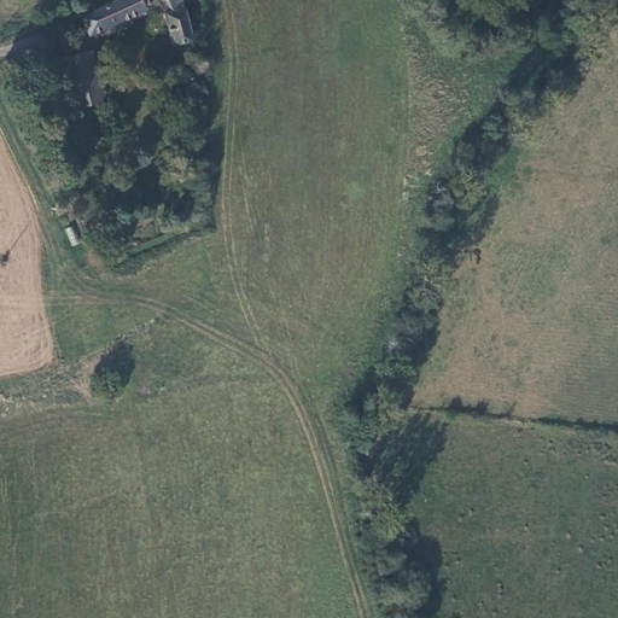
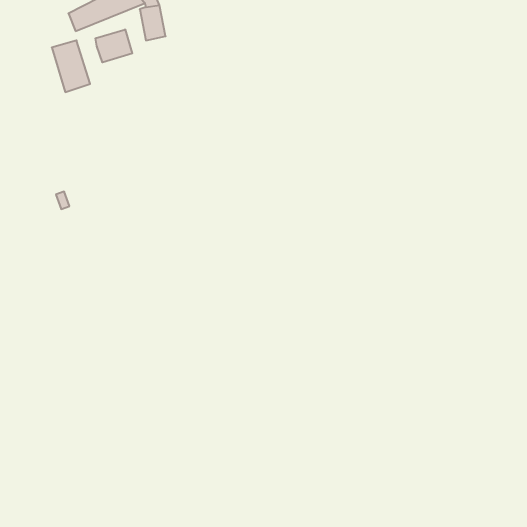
building: none -> [95,29,132,62]

